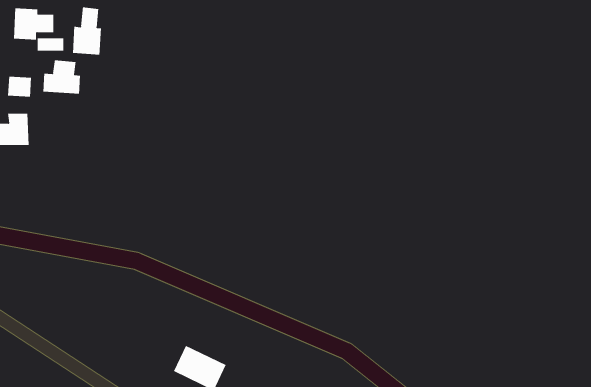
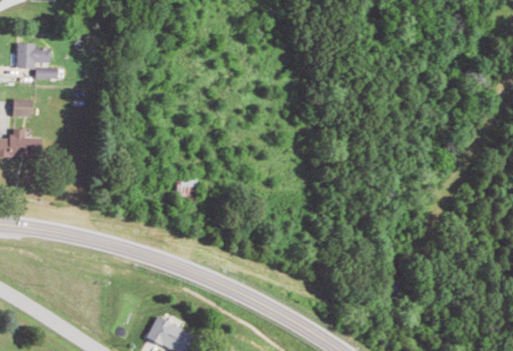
building: [73,7,101,55] -> none
building: [43,60,80,94] -> none

